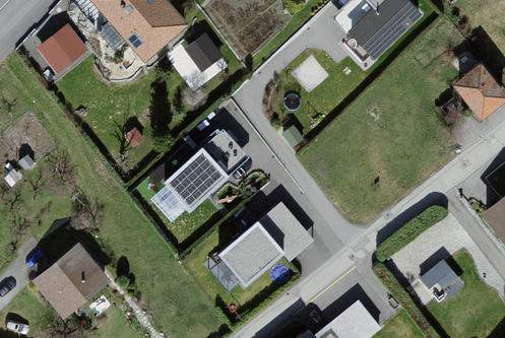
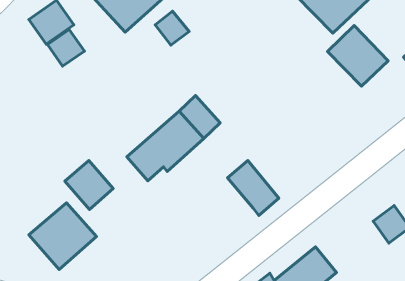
building: none -> [327,25,388,86]
building: none -> [47,29,84,66]
building: none -> [65,160,113,209]
building: [207,221,289,294] -> none

